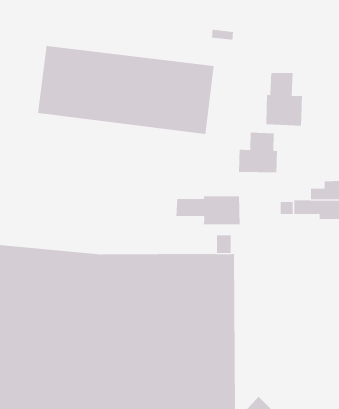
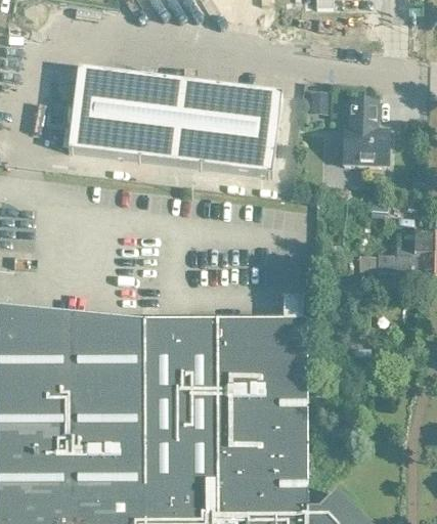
building: [238,132,278,173] -> none
building: [176,195,240,225] -> none

